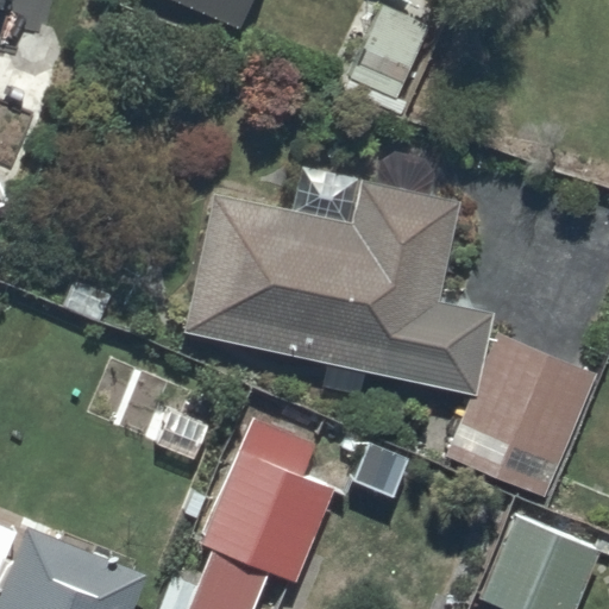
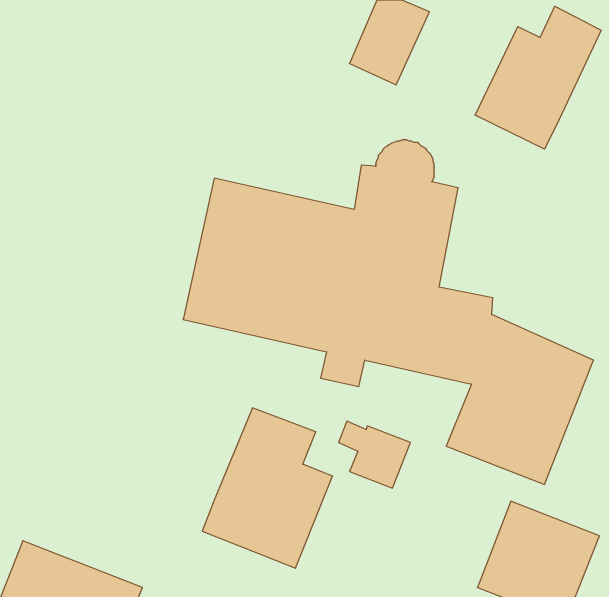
building: none -> [475,6,601,149]

